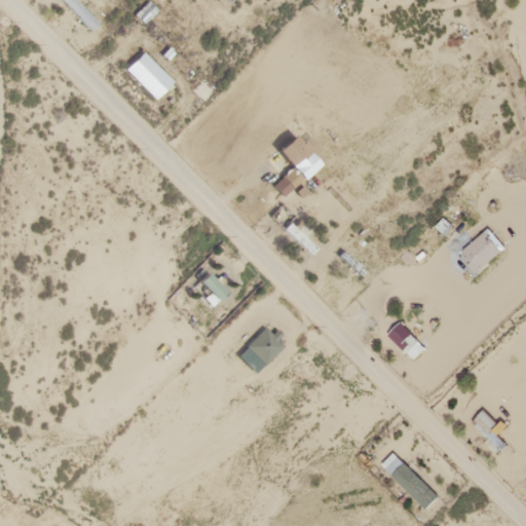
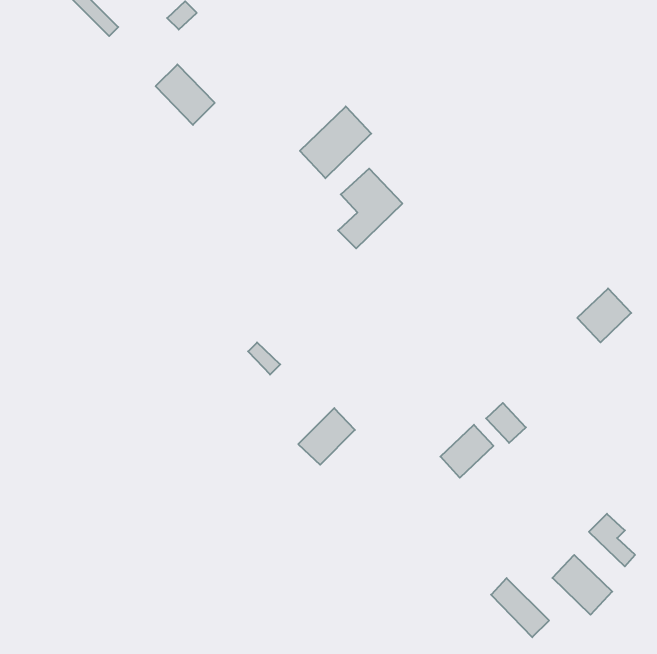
building: none -> [300,106,371,178]
building: none -> [440,425,493,478]
building: none -> [552,555,612,615]

